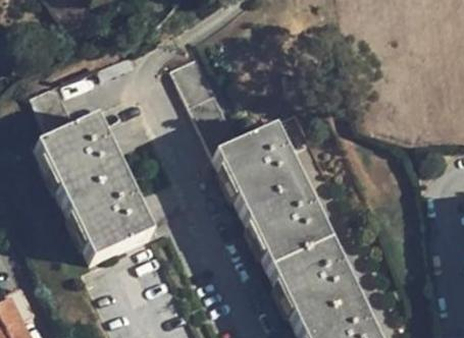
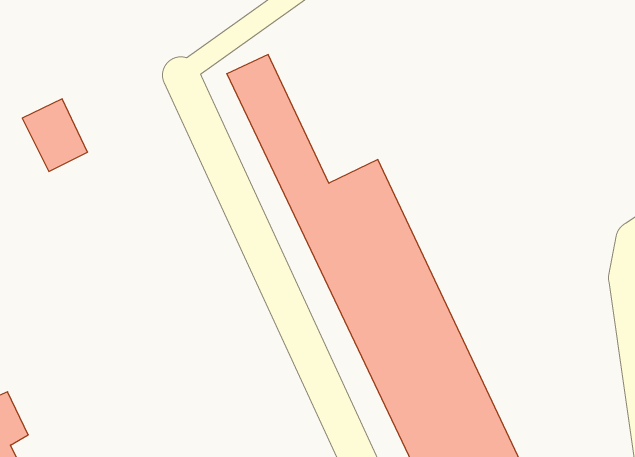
building: [36,118,153,264] -> none

